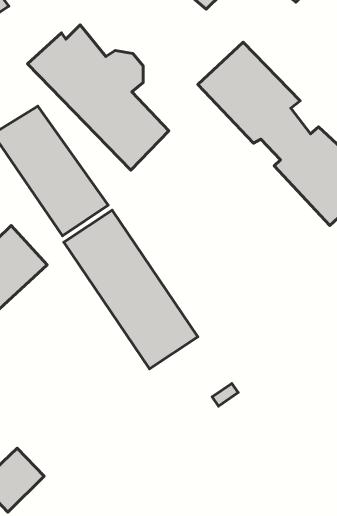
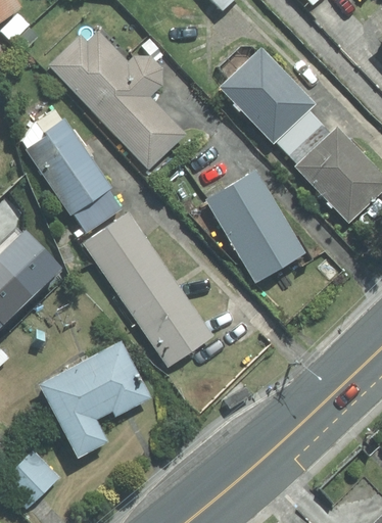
building: none -> [200,173,303,284]
building: none -> [31,340,151,463]

